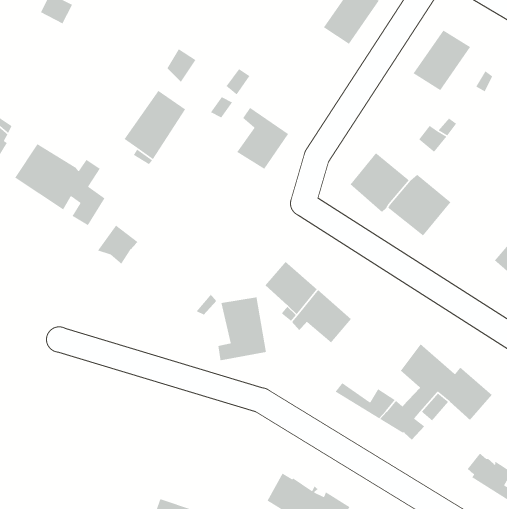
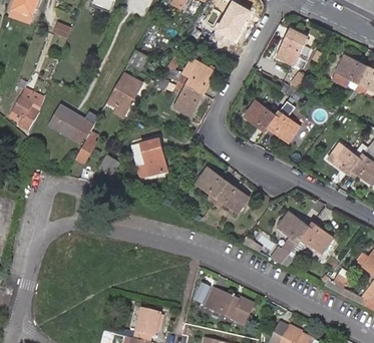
building: none -> [178,58,215,93]
building: [217,297,267,361] -> [138,138,167,178]

